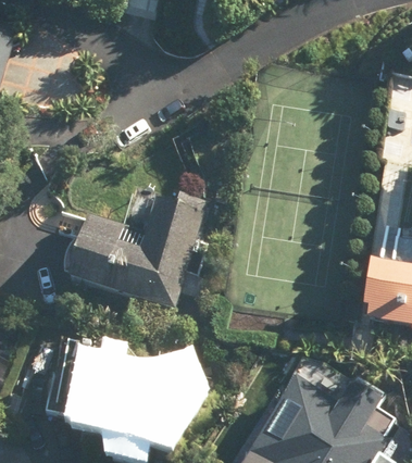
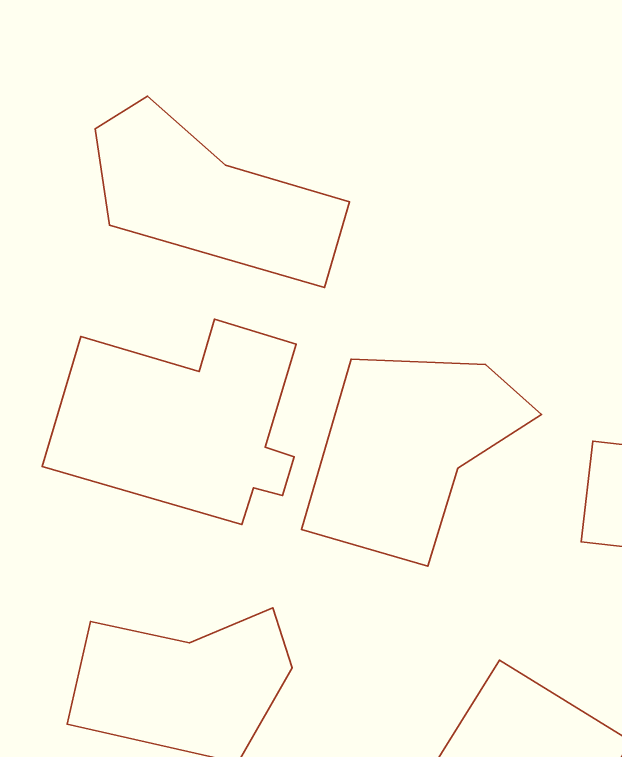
building: none -> [95,96,349,287]
building: none -> [302,359,541,566]

